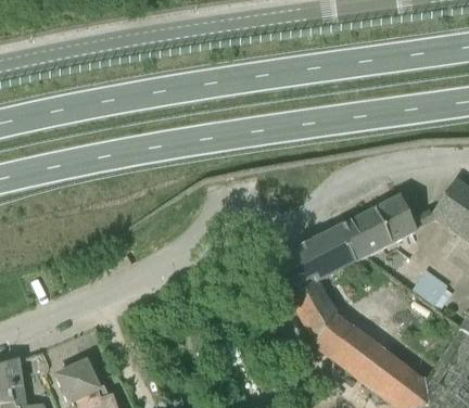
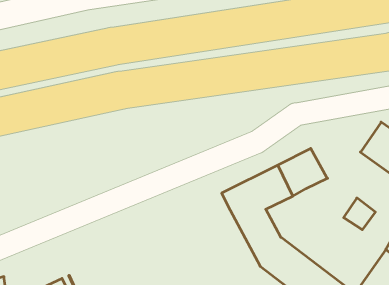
building: [373,195,417,244] -> none

